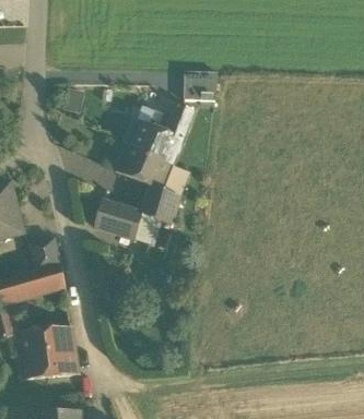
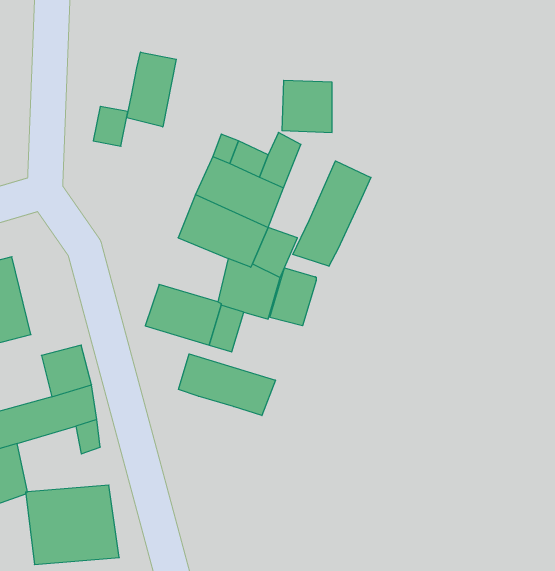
building: none -> [127,52,176,127]
building: none -> [293,161,371,266]
building: none -> [270,268,316,326]
building: none -> [178,354,275,416]

